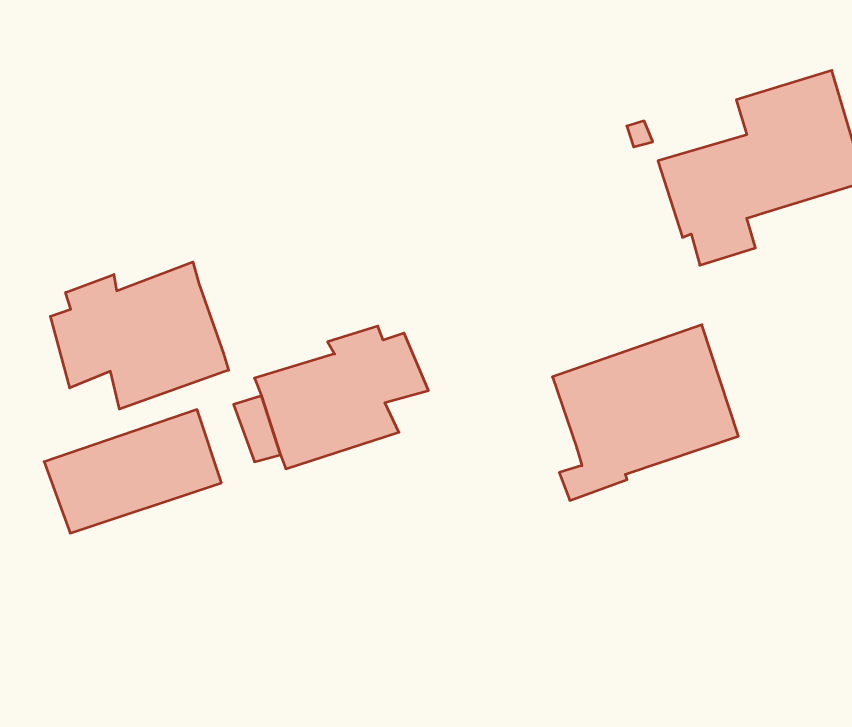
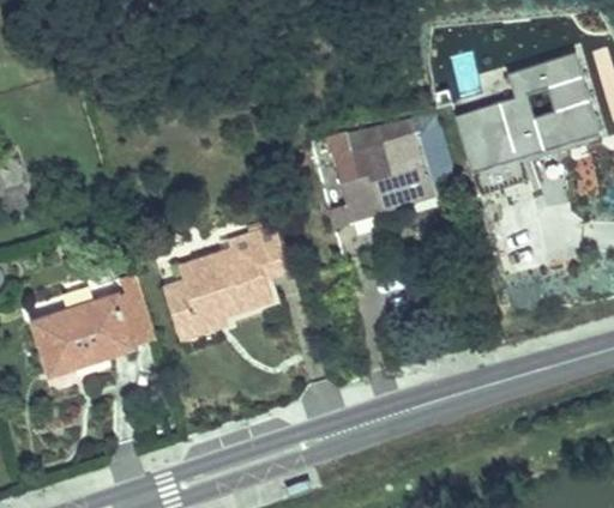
building: [50,262,229,409] -> none
building: [552,325,738,500] -> [321,109,450,230]

